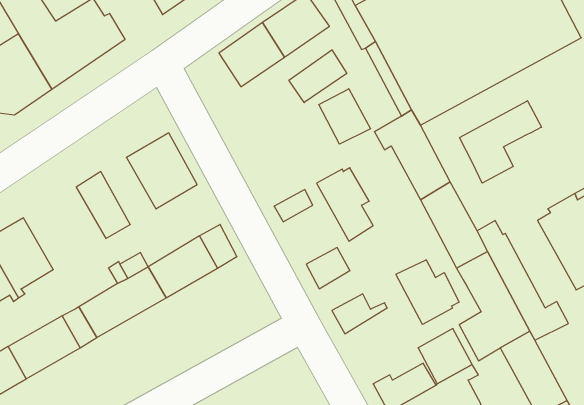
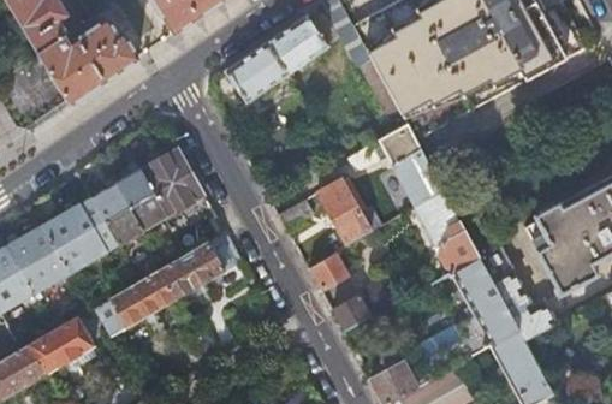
building: [289,50,347,103] -> none
building: [319,89,371,144] -> none
building: [460,101,542,183] -> none
building: none -> [115,167,167,230]
building: none -> [43,195,120,272]
building: [396,260,459,324] -> none

